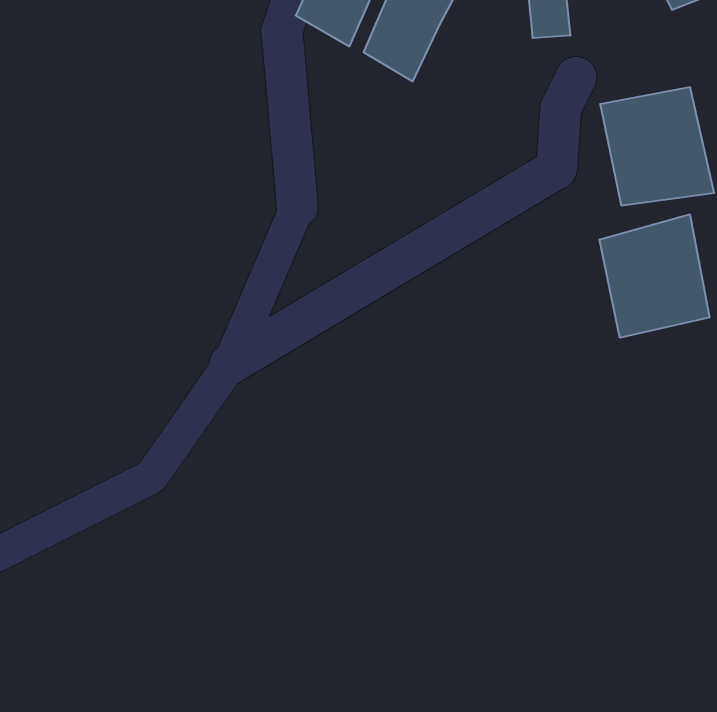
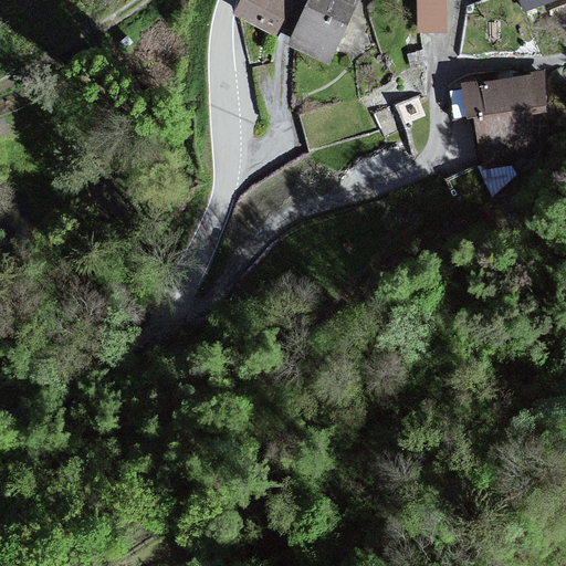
building: [599,214,710,338] -> none

